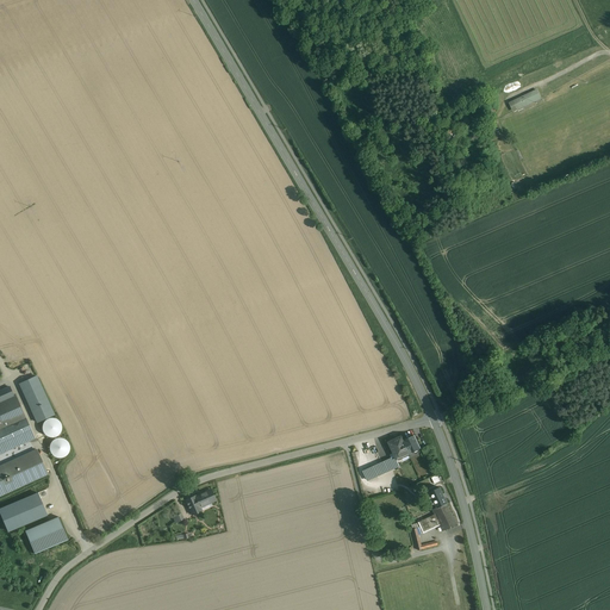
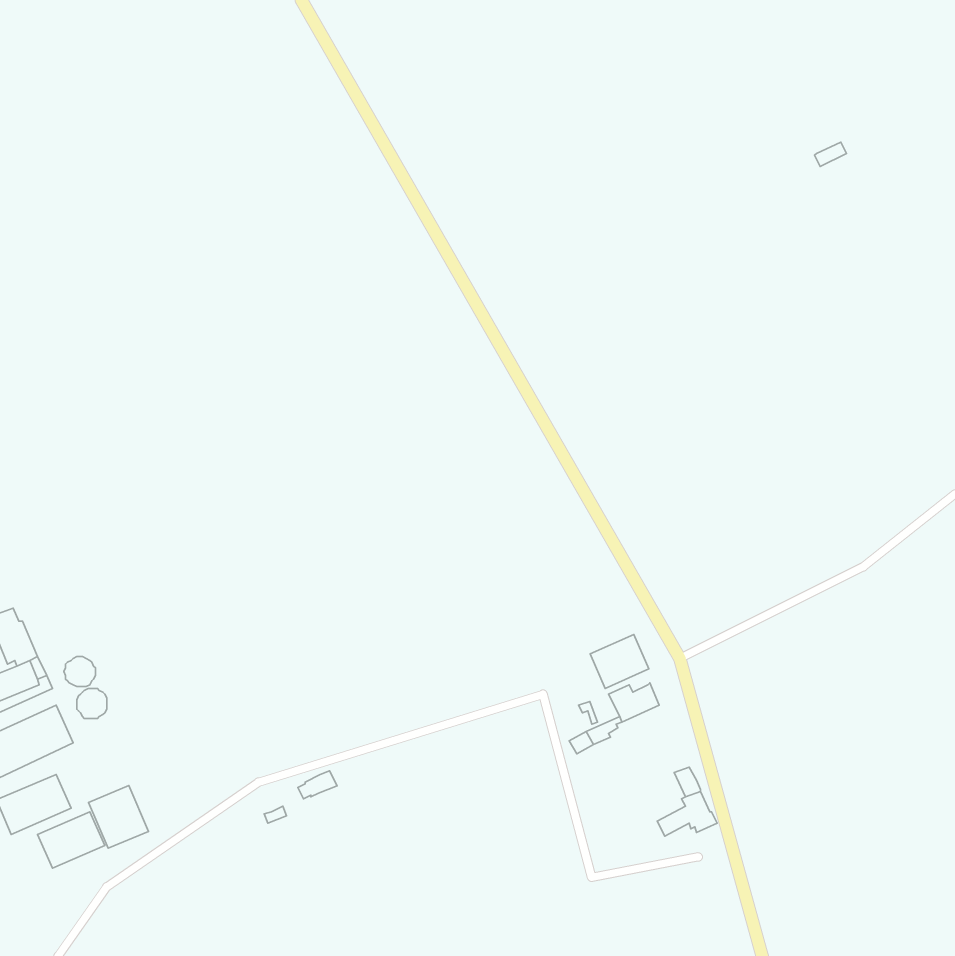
building: [19,376,52,422] -> none
building: none -> [590,634,649,688]
building: none -> [89,786,149,848]

